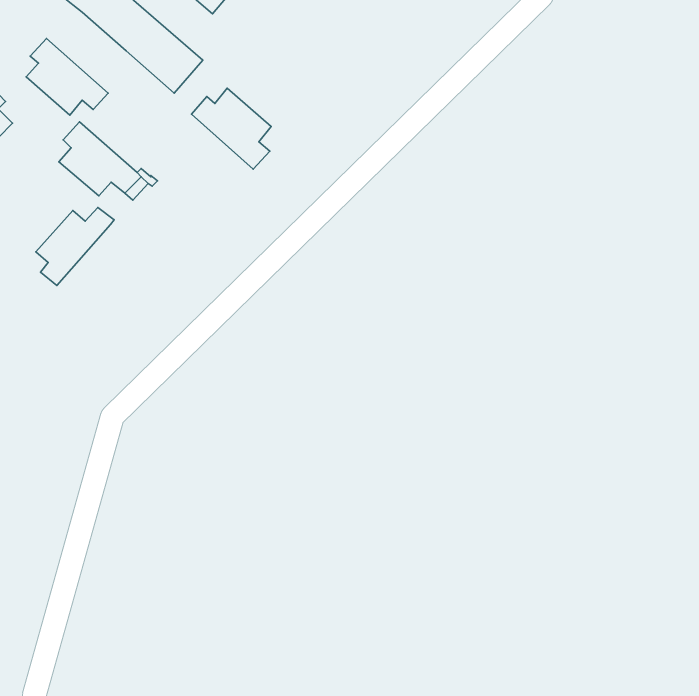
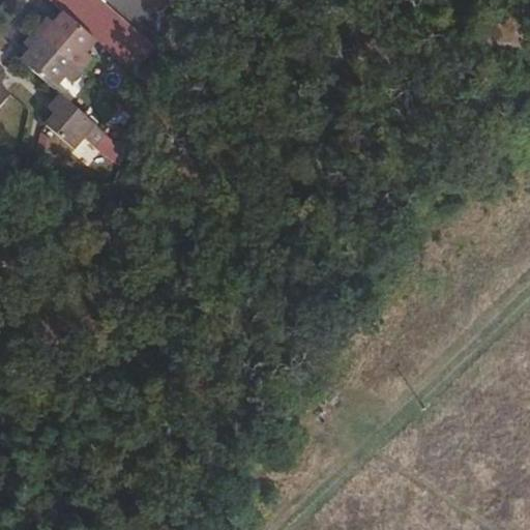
building: [192,88,271,169] -> [35,9,95,70]
building: [36,208,114,286] -> none

